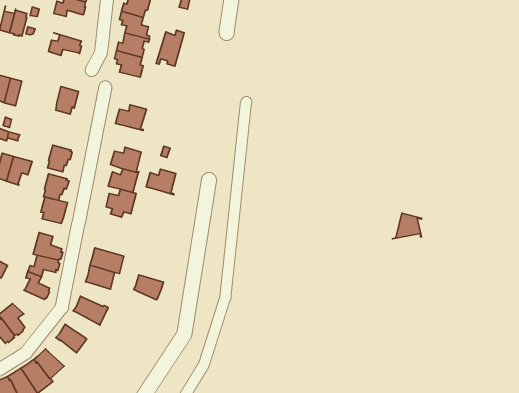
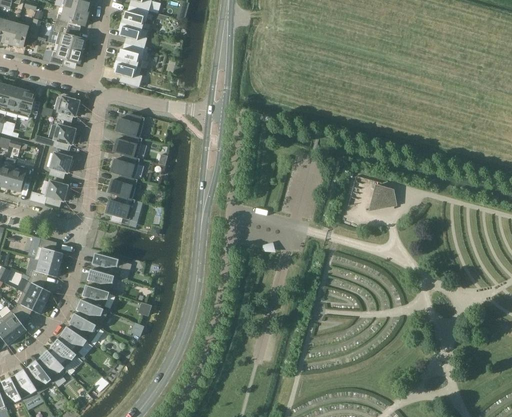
building: none -> [53,24,86,51]
building: [156,30,184,66] -> none
building: none -> [18,90,40,117]
building: none -> [53,124,77,150]
building: [146,169,176,195] -> [113,134,142,159]
building: [41,197,68,223] -> none
building: [393,213,421,239] -> [367,184,395,209]
building: [134,275,164,300] -> [81,285,110,309]
building: none -> [15,291,46,316]
building: none -> [66,313,100,343]
building: none -> [47,339,77,374]

